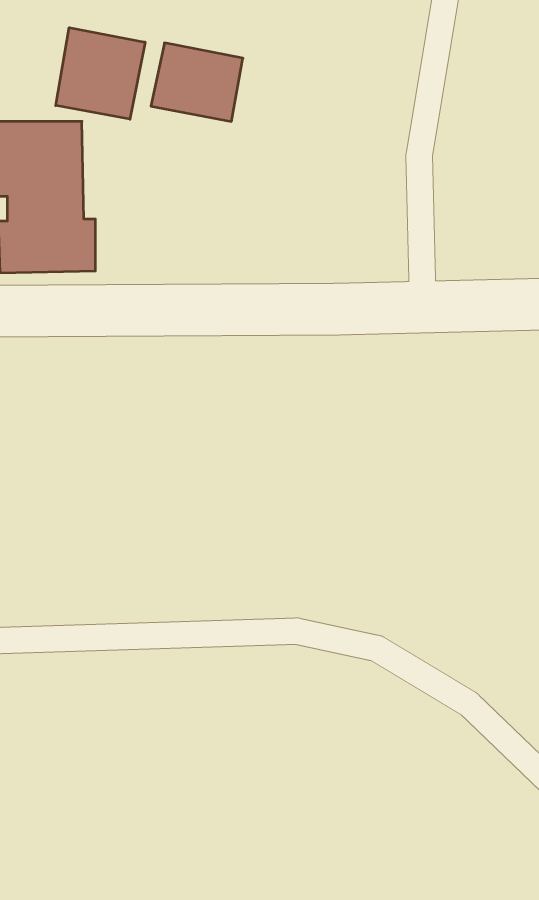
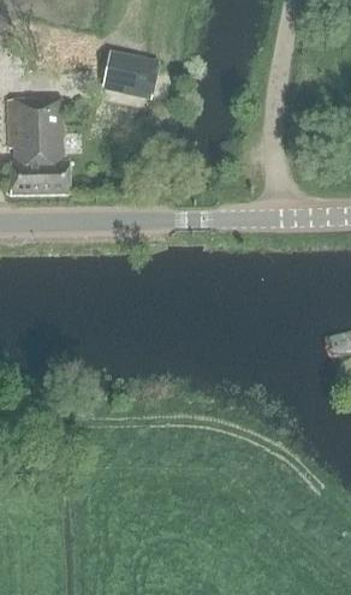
building: [56,28,145,119] -> none

